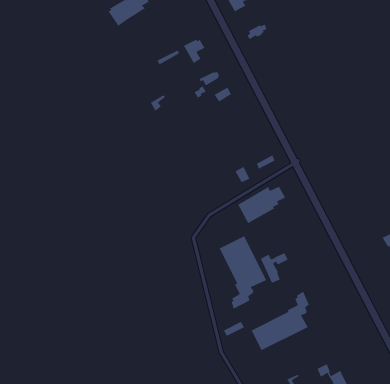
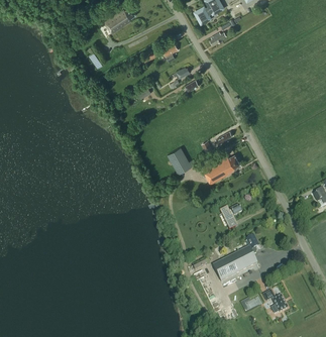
building: none -> [168,147,195,175]
building: [218,235,267,310] -> none

